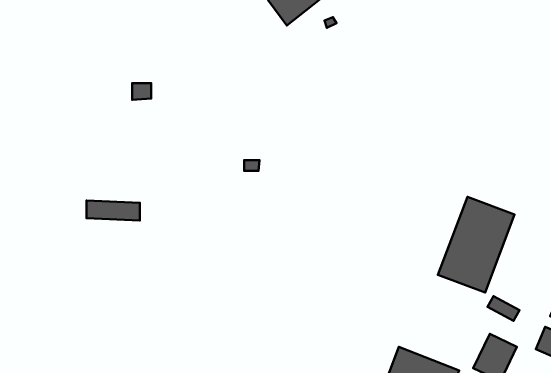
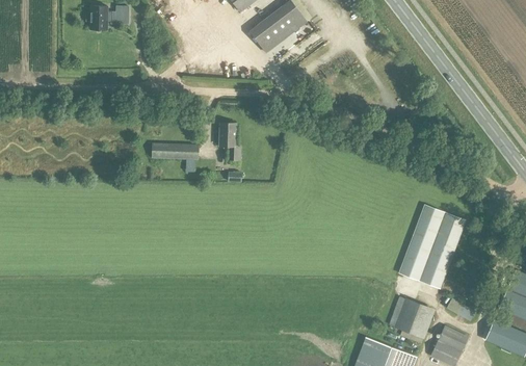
building: none -> [218,123,240,161]
building: [87,200,140,221] -> [151,142,198,160]
building: none -> [388,296,435,343]

